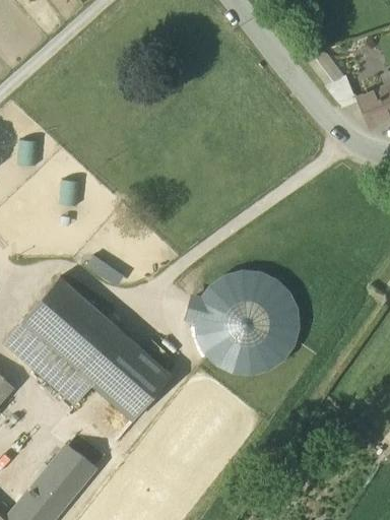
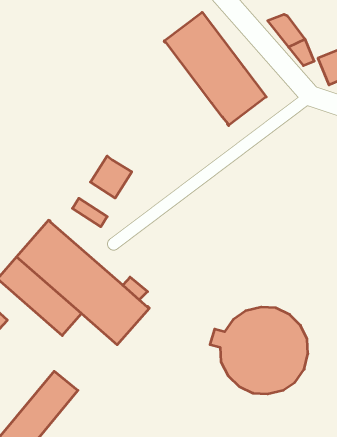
building: none -> [164,12,266,126]
building: none -> [90,156,132,198]
building: [187,274,296,371] -> [210,307,308,394]

